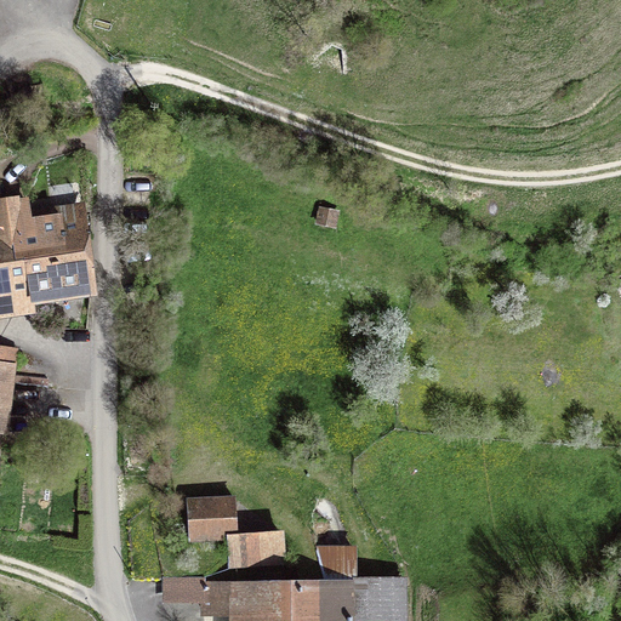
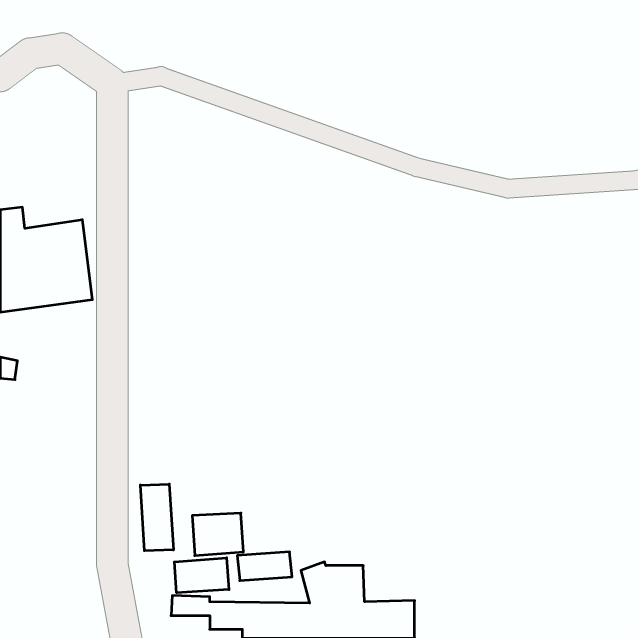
building: none -> [140,484,173,551]
building: none -> [174,558,229,593]

